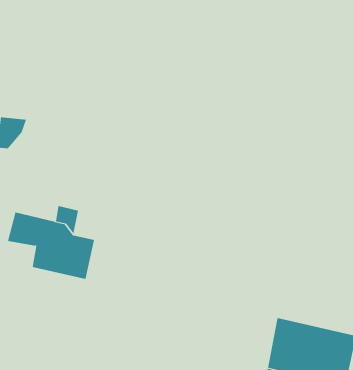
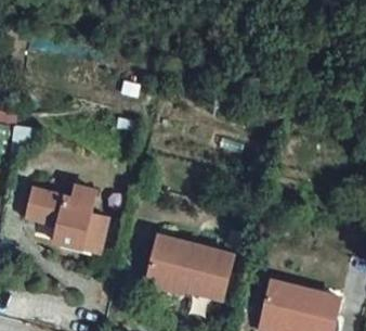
building: none -> [144,241,230,300]

